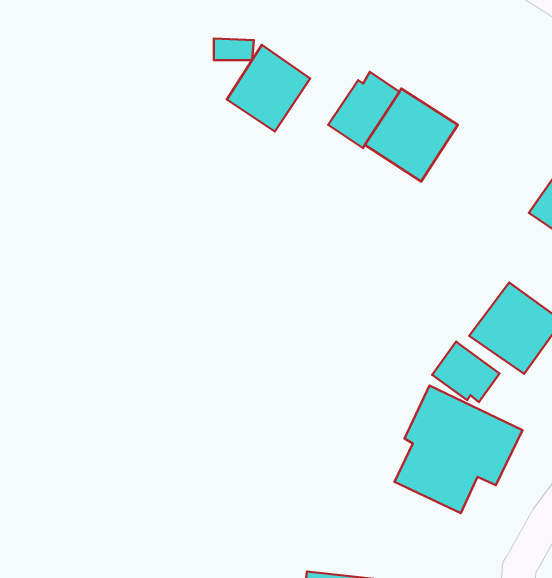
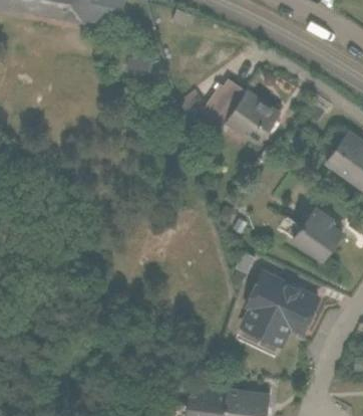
building: [227,45,310,131] -> none
building: [432,341,499,402] -> none

